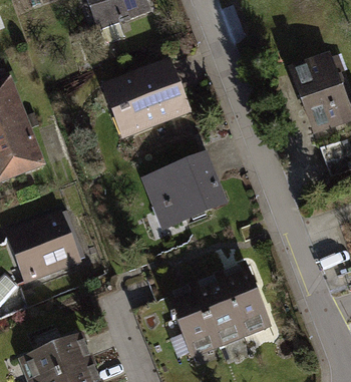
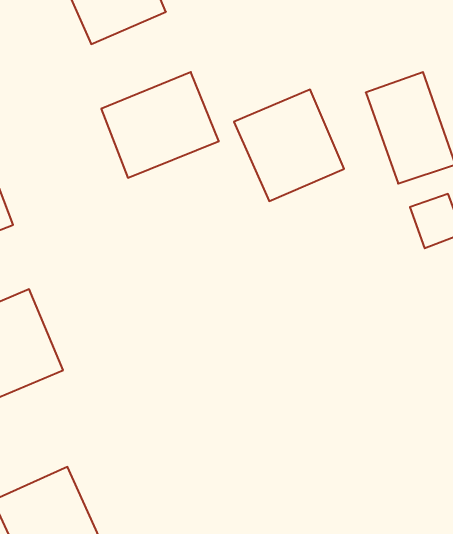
building: [146,151,222,228] -> [234,90,344,201]
building: [174,269,264,348] -> none

